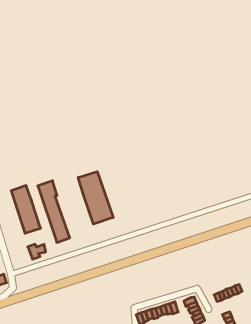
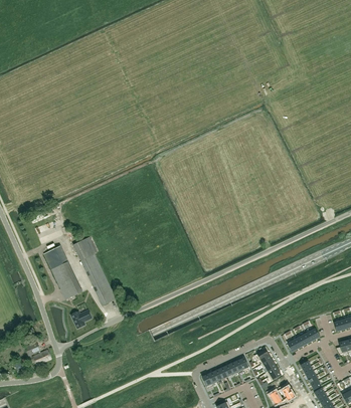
building: [78,172,113,224] -> none

